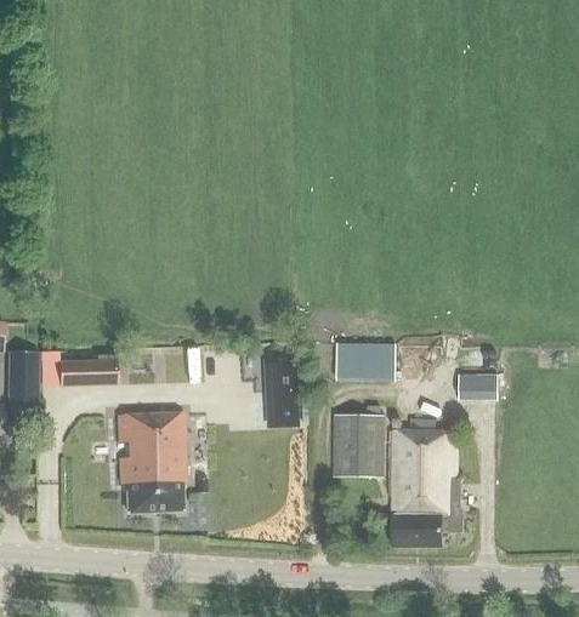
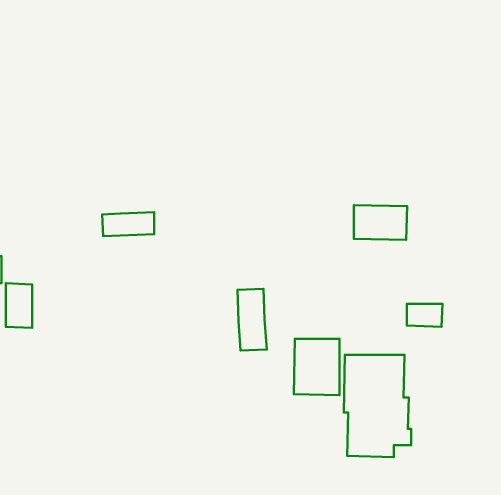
building: [336,342,396,381] -> [354,205,407,240]
building: [58,359,117,385] -> [102,212,154,236]
building: [119,412,186,512] -> none

